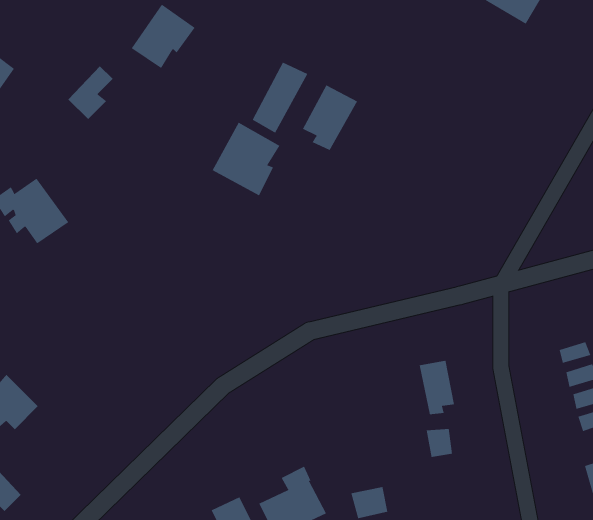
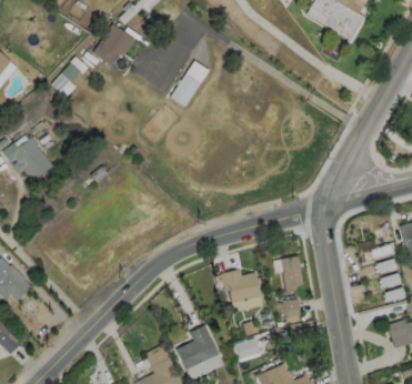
building: [302,84,358,151] -> none
building: [212,122,280,196] -> none
building: none -> [221,270,261,303]

